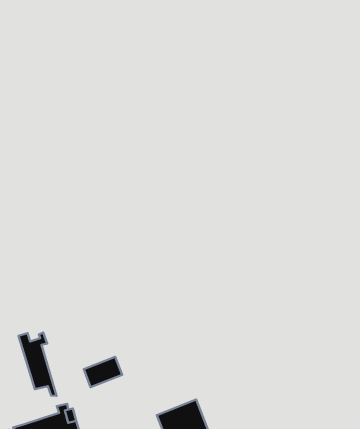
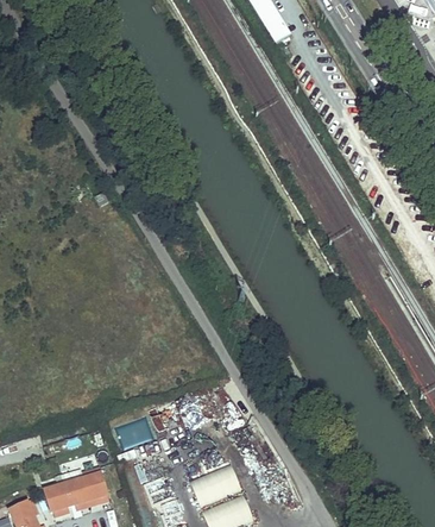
building: [19,333,56,396] -> none

